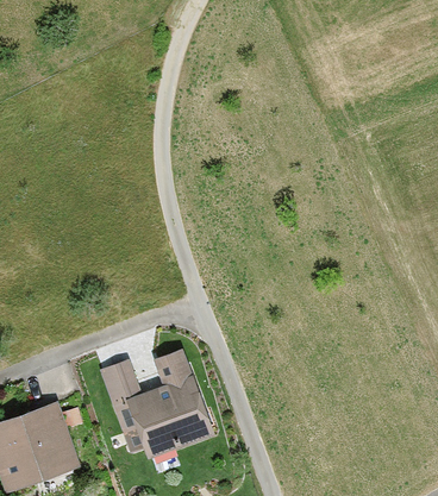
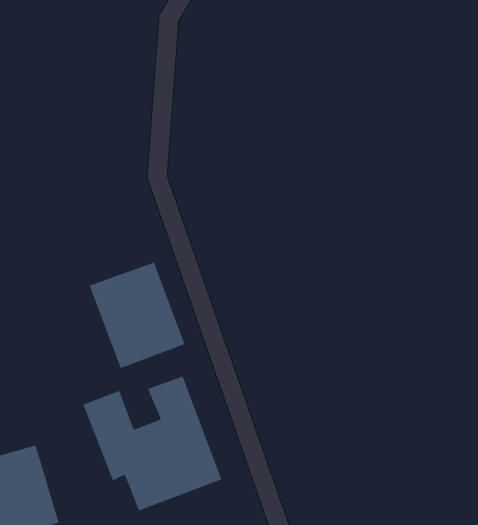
building: none -> [89,262,185,369]

